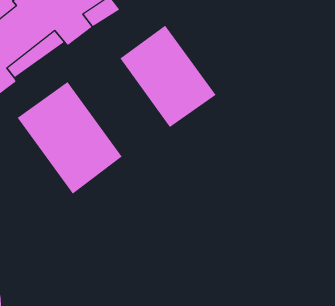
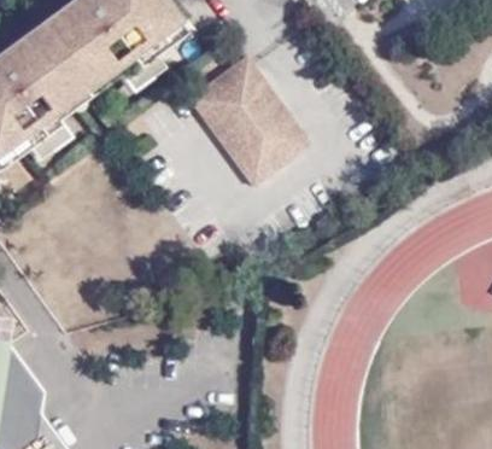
building: [17,81,123,195] -> none

